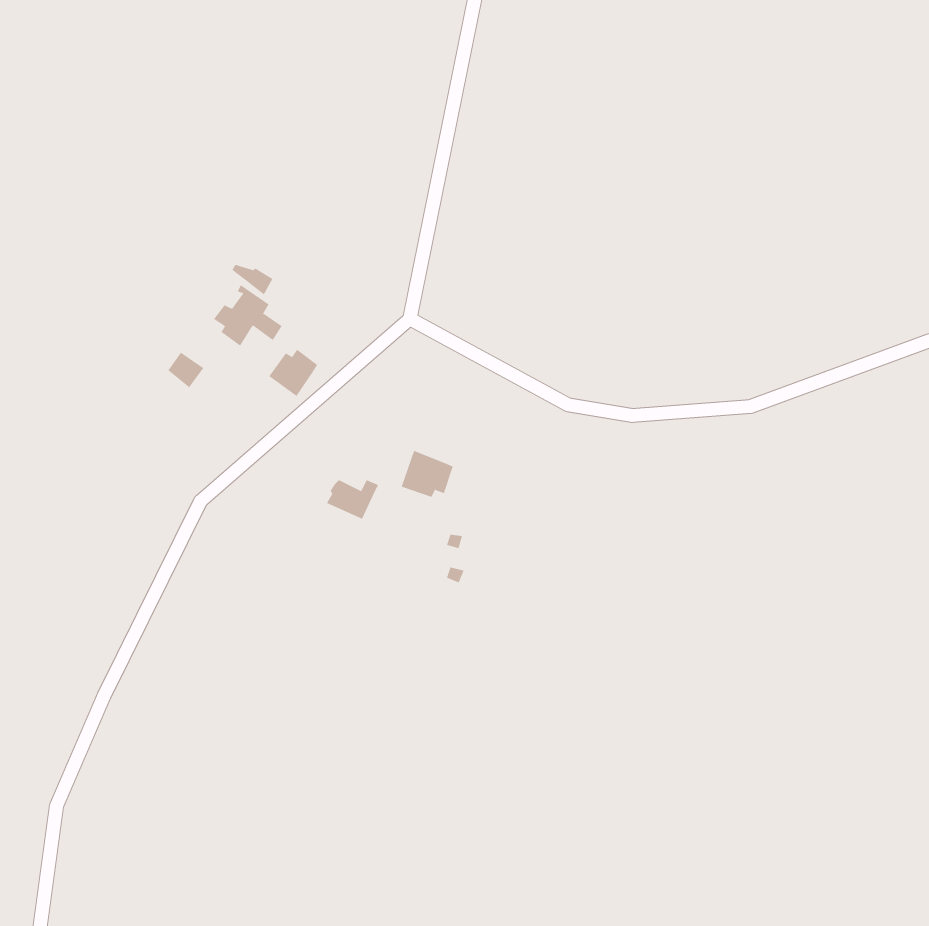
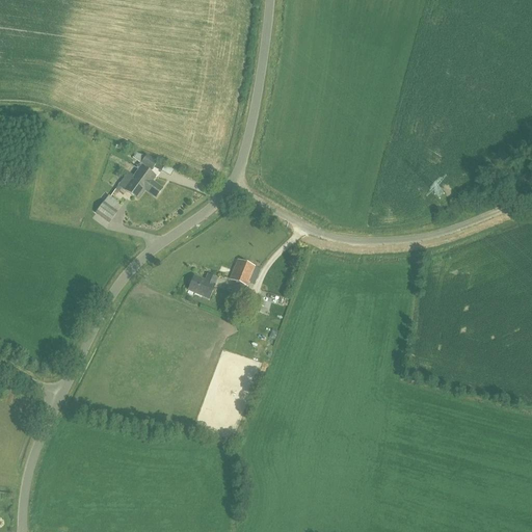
building: [268,349,318,397] -> none

